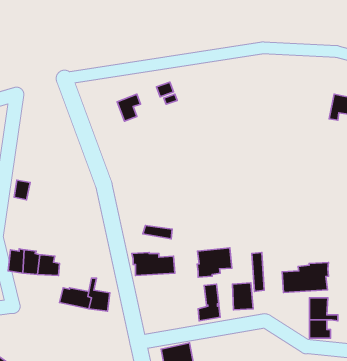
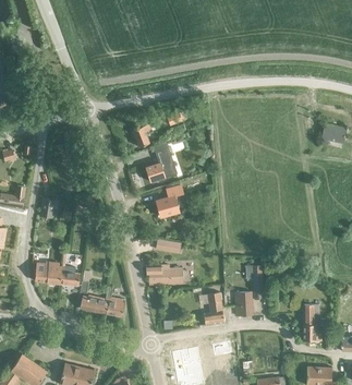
building: none -> [145,142,175,181]
building: none -> [156,185,183,217]
building: [197,248,232,277] -> none
building: [282,263,329,293] -> none

